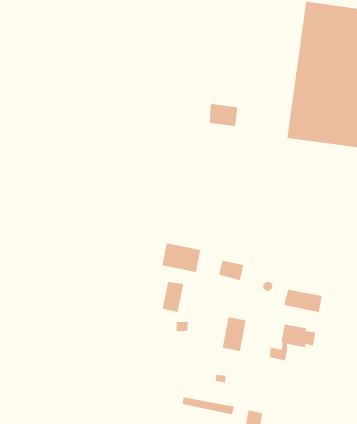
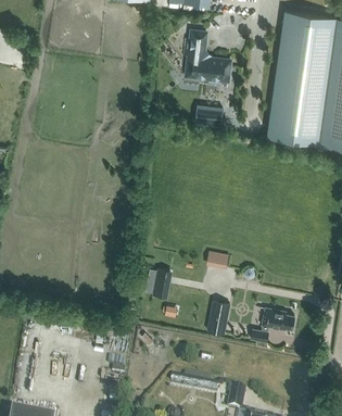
building: none -> [181,29,229,84]
building: [162,242,201,273] -> none
building: [283,289,322,313] -> none

